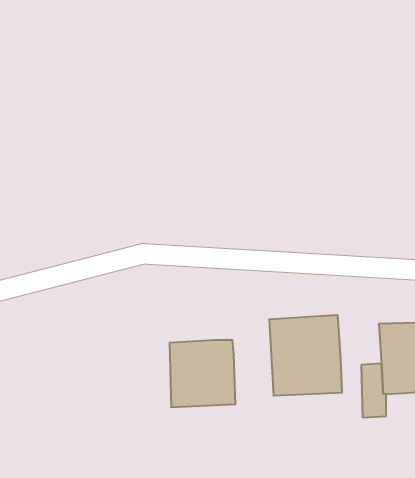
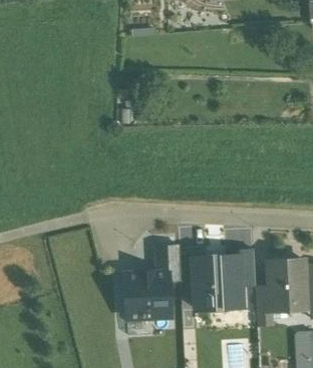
building: none -> [157,247,180,283]
building: none -> [226,251,257,286]

